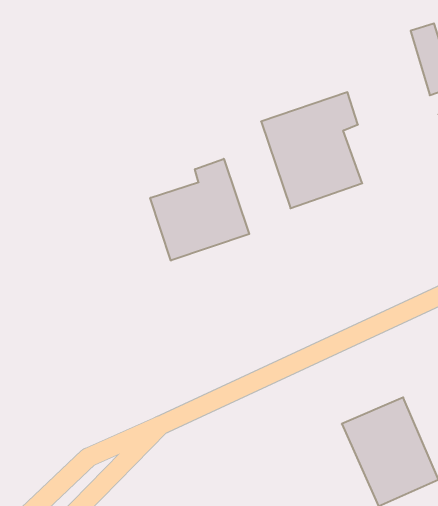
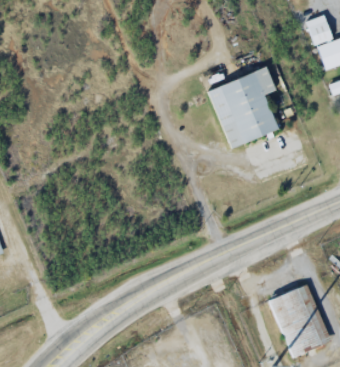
building: [150,159,249,261] -> none

